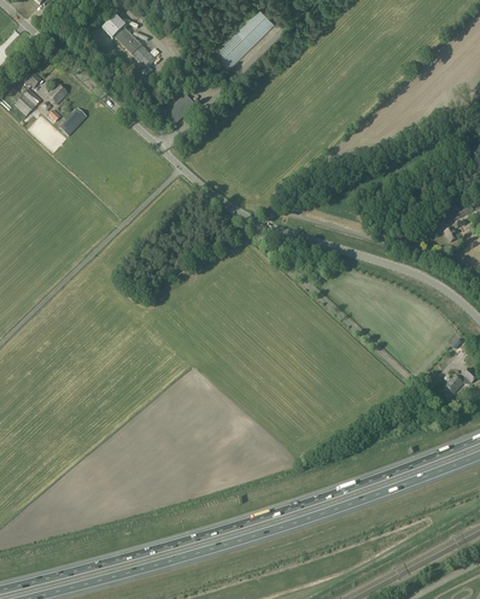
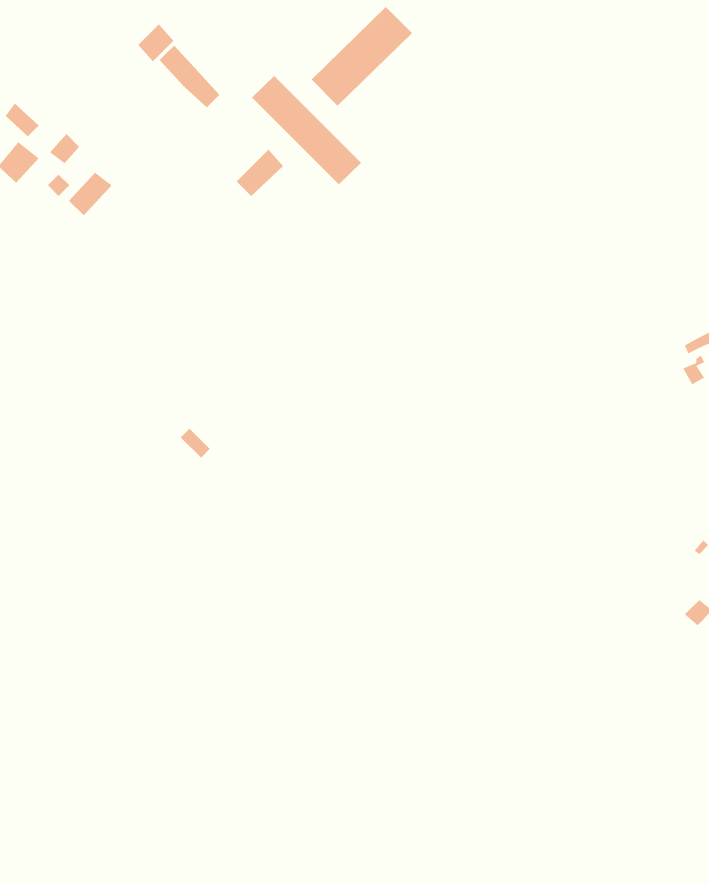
building: none -> [251,75,362,185]

